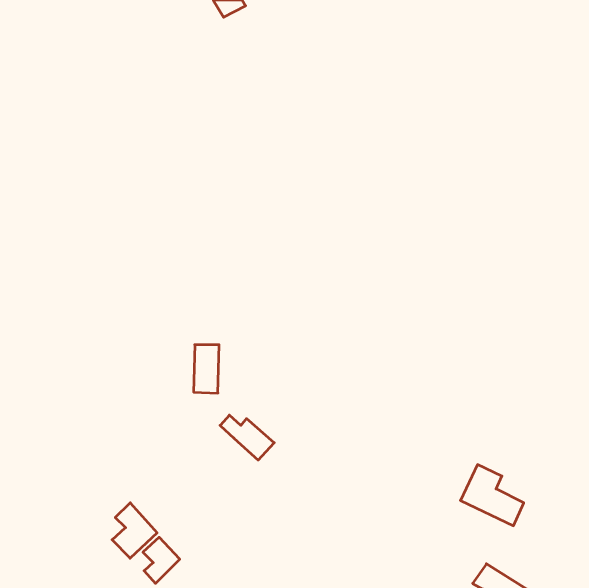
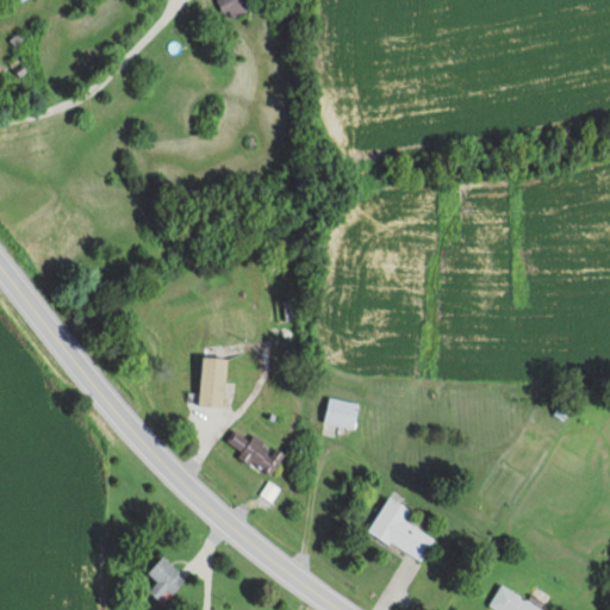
building: none -> [324,398,360,429]
building: [460,465,524,526] -> [368,497,434,560]
building: [112,503,157,558] -> none

